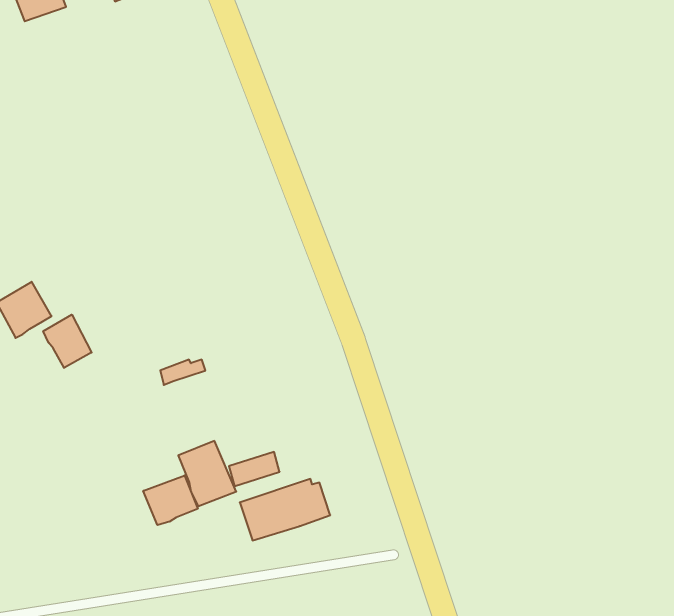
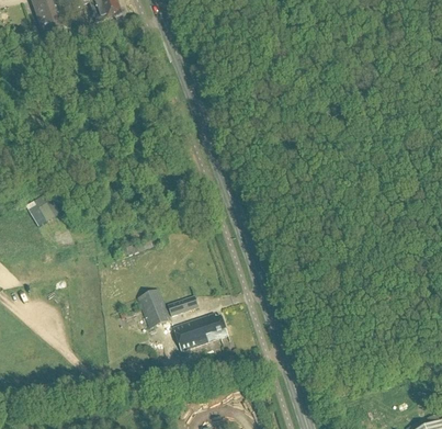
building: [43,315,92,368] -> none
building: [143,475,198,525] -> none

